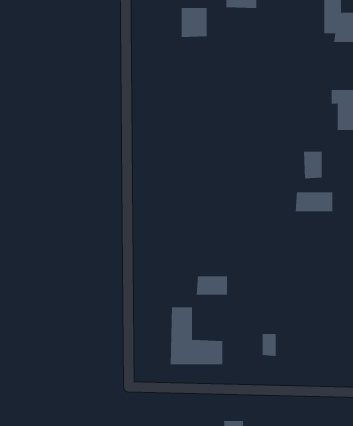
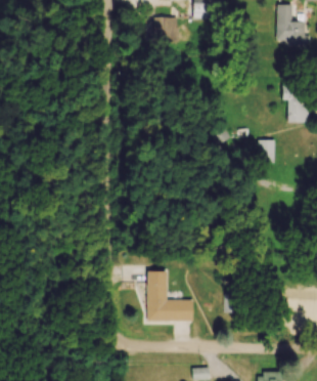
building: [295,192,333,212] -> none
building: [196,275,228,296] -> none

